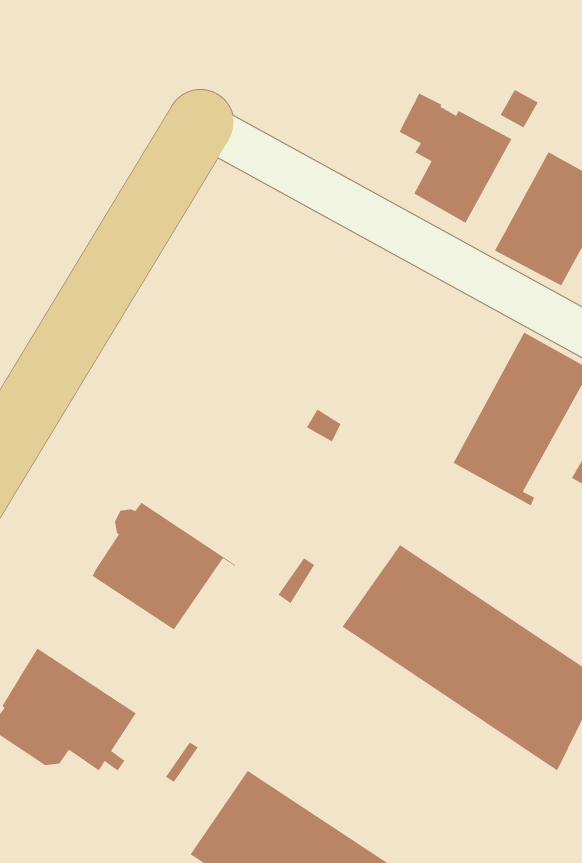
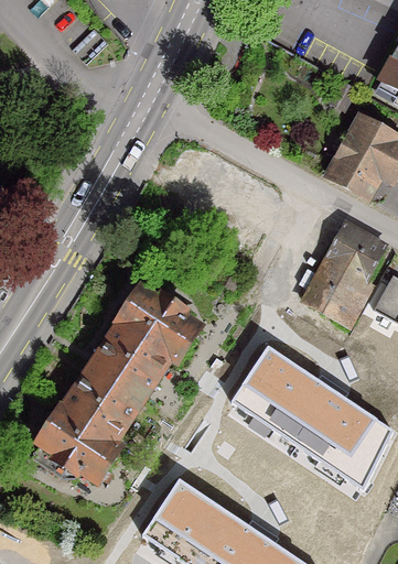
building: [398,93,512,224] -> none
building: none -> [117,289,198,360]
building: none -> [58,367,139,447]

